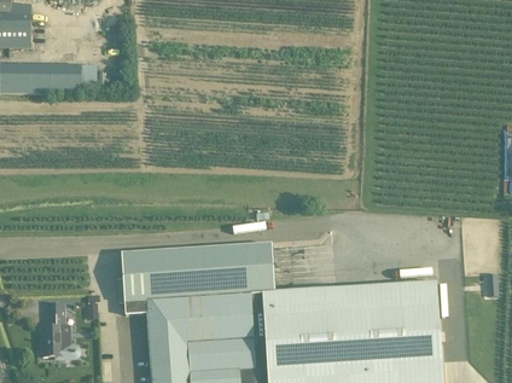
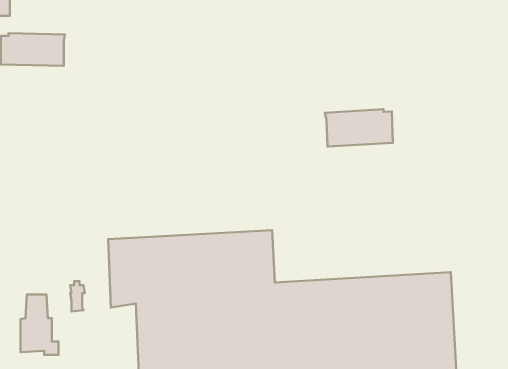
building: none -> [325,109,393,147]

